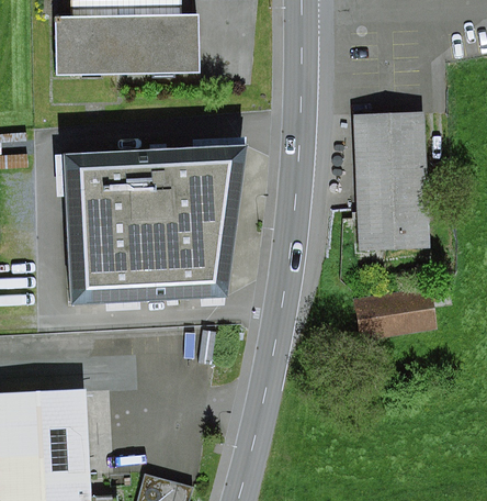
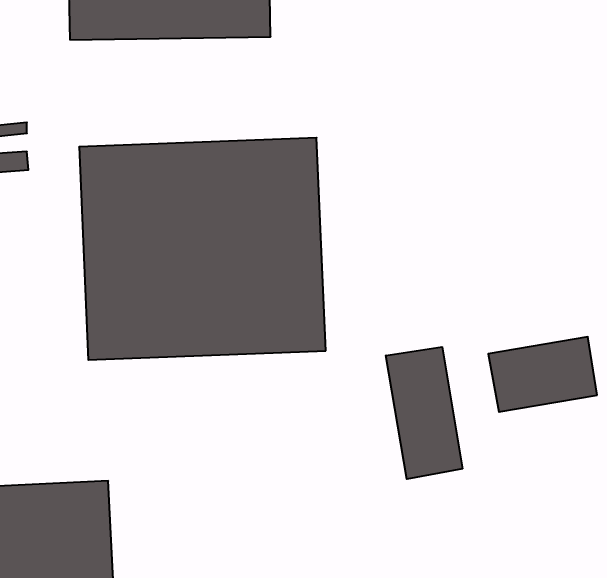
building: [352,114,428,250] -> none
building: none -> [386,347,462,479]

